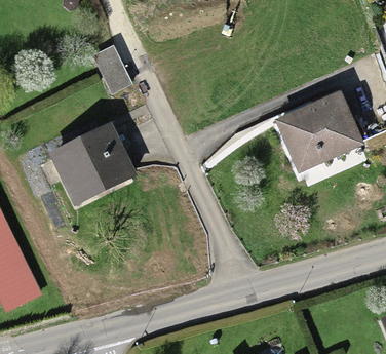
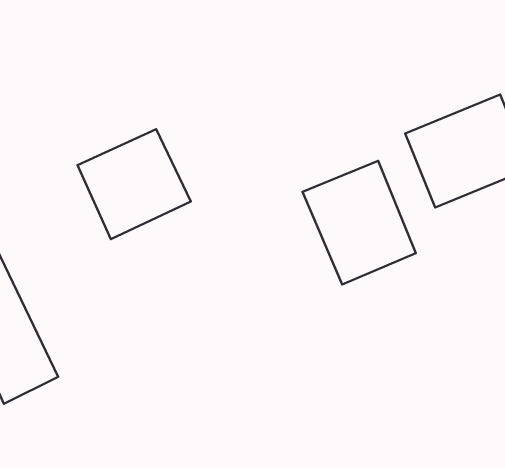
building: [94,47,131,92] -> none
building: none -> [302,161,416,285]

